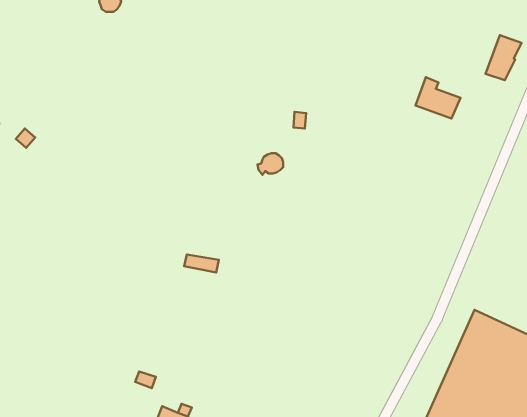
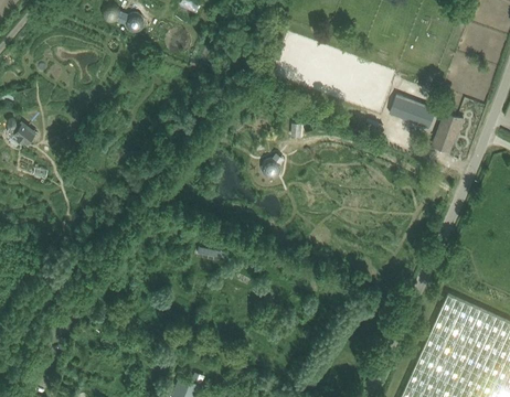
building: [486,35,522,80] -> [433,114,464,152]

